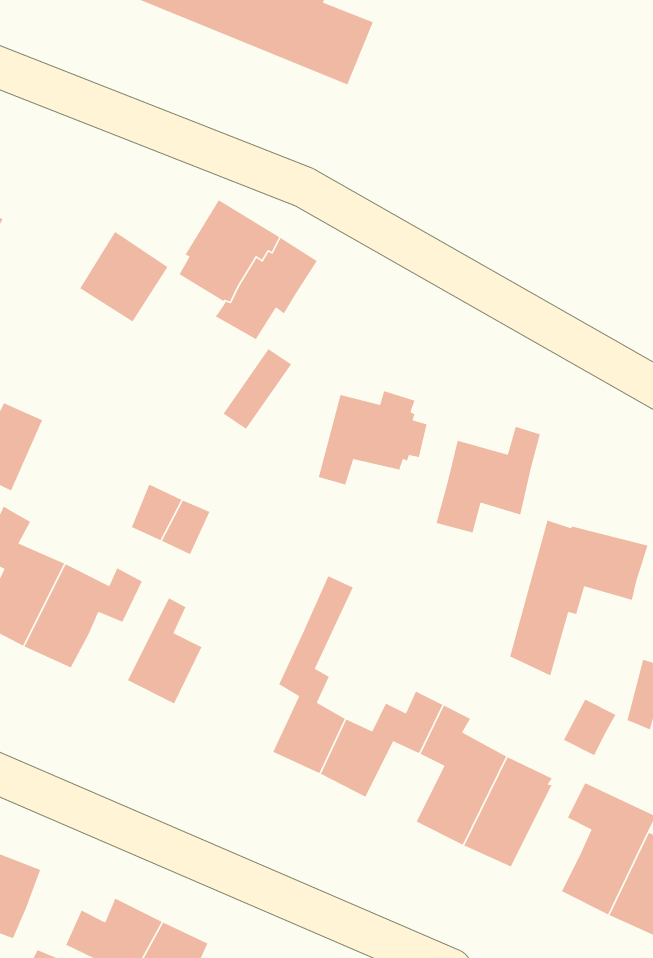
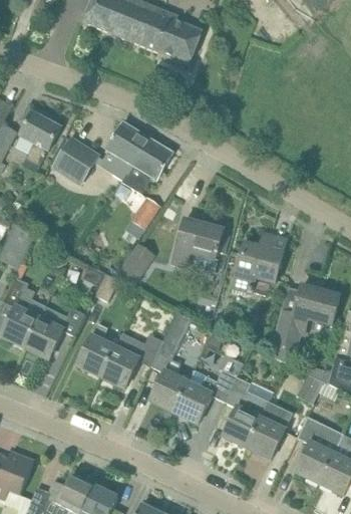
building: none -> [18,104,60,173]
building: none -> [116,244,152,286]
building: none -> [100,332,164,388]

